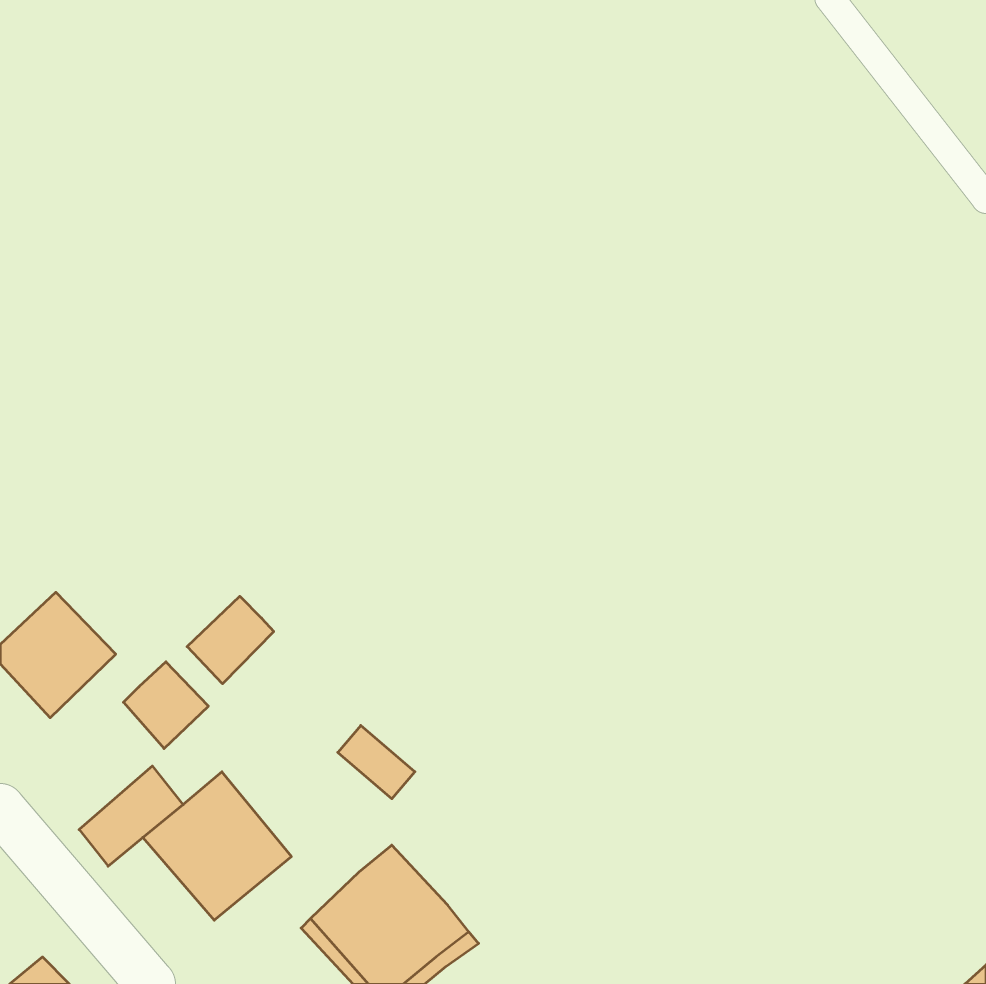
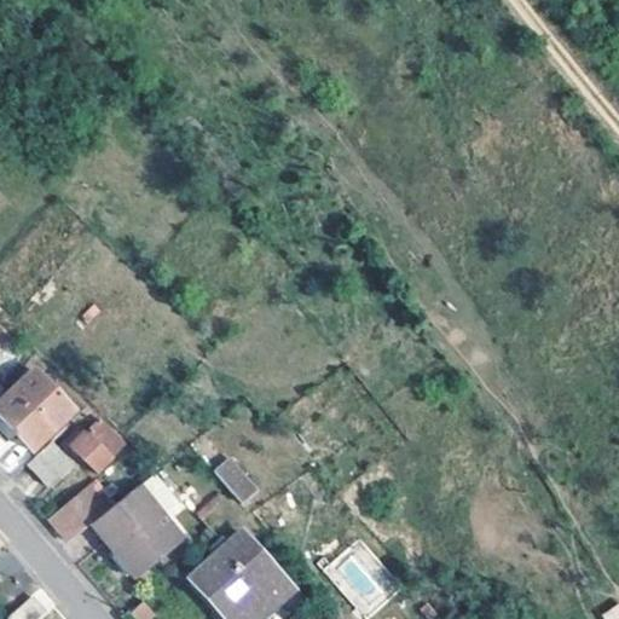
building: [187,596,274,684] -> none
building: none -> [27,436,75,486]

